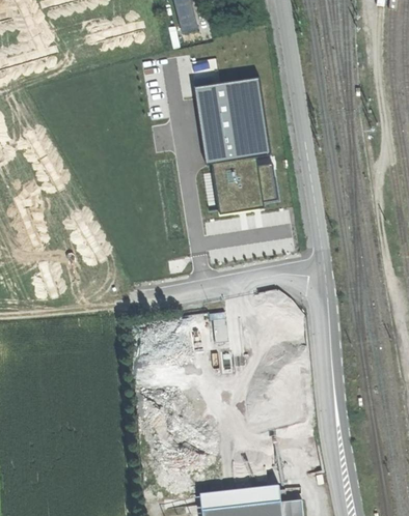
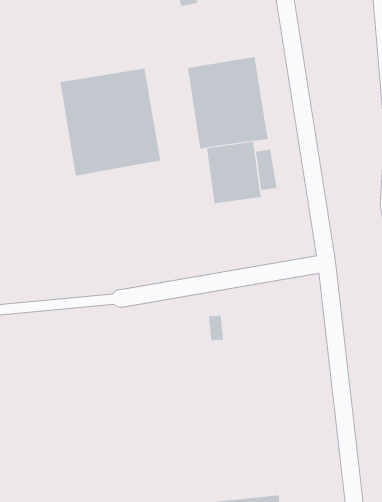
building: none -> [60,68,161,176]

